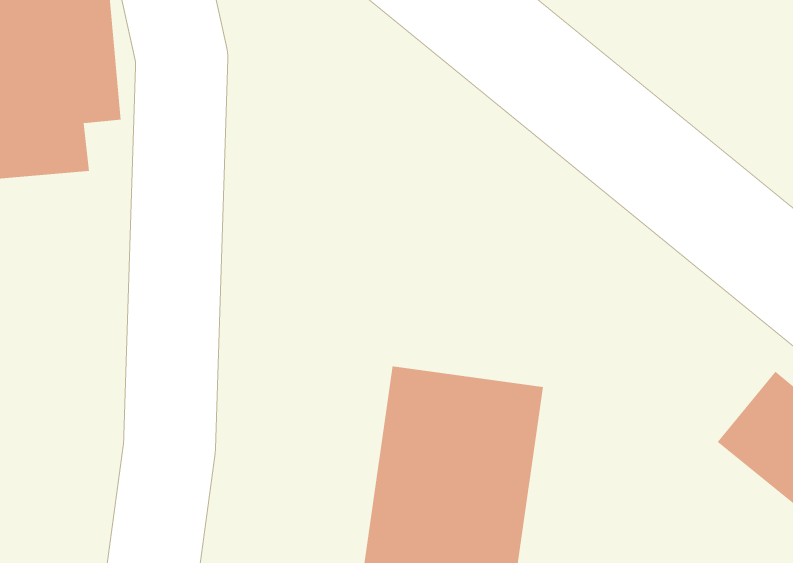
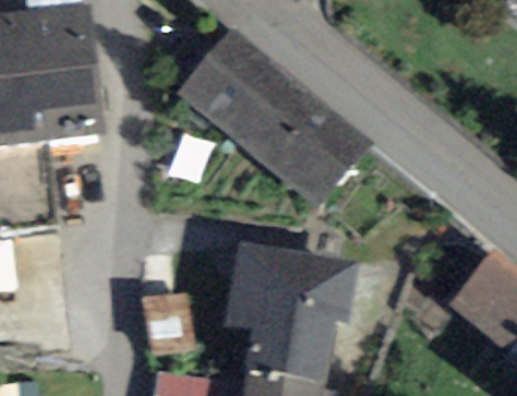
building: none -> [180,38,357,199]

